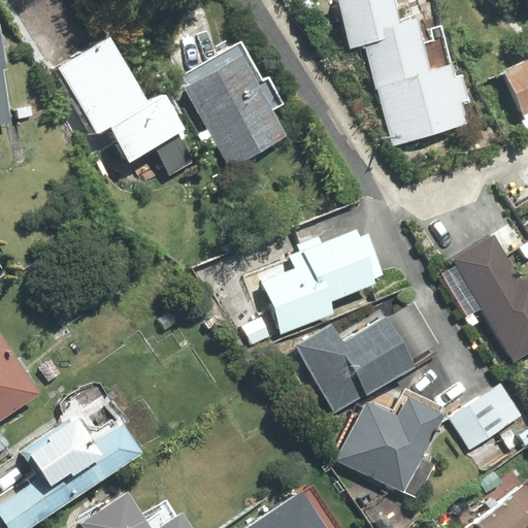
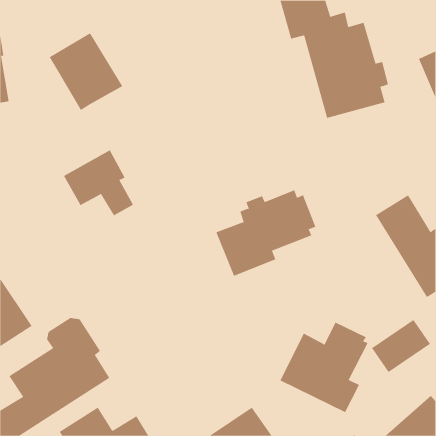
building: [177,41,289,170] -> none
building: [108,95,194,175] -> [63,150,134,216]
building: [292,305,431,415] -> none

